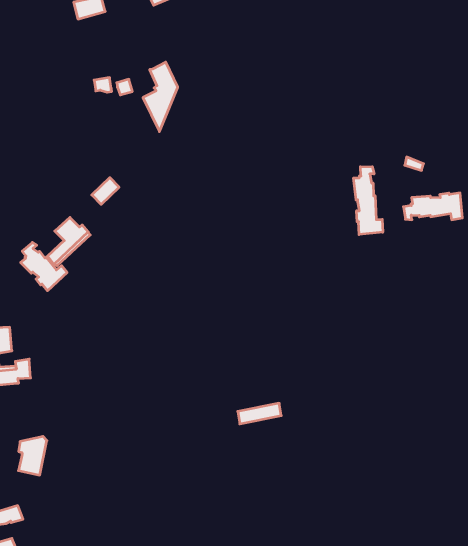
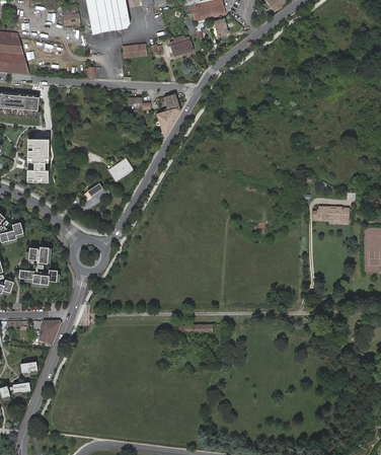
building: [354,167,383,235] -> none
building: [21,242,67,291] -> none

